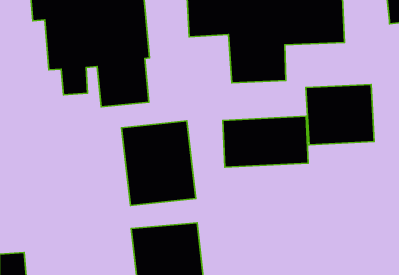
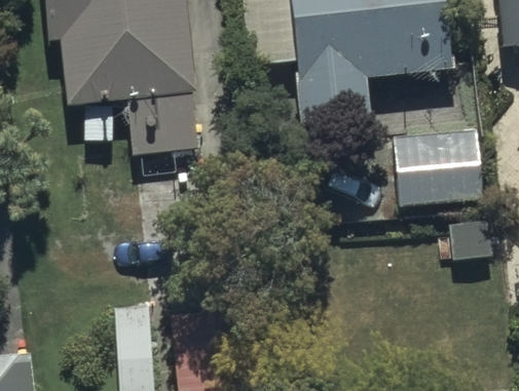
building: [223,116,308,167] -> none
building: [122,121,196,206] -> none

